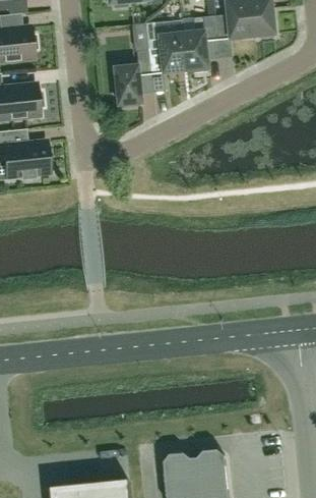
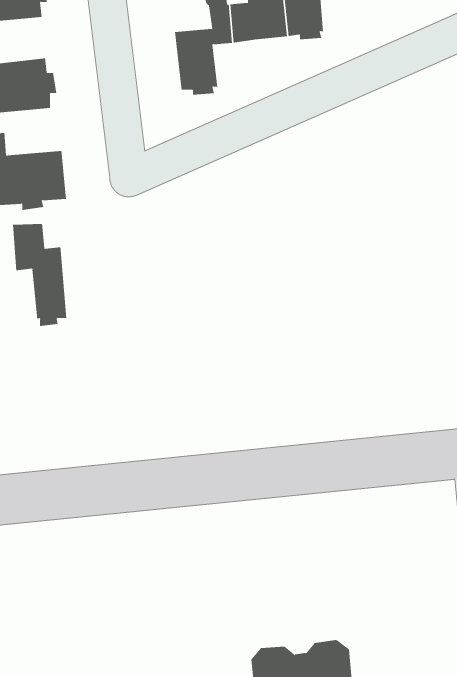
building: none -> [13,223,67,327]

